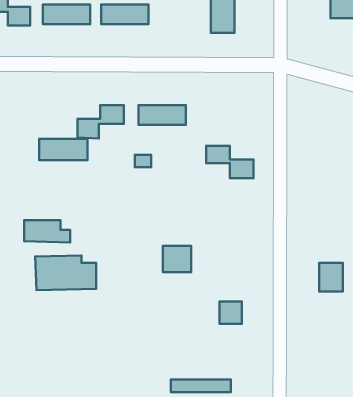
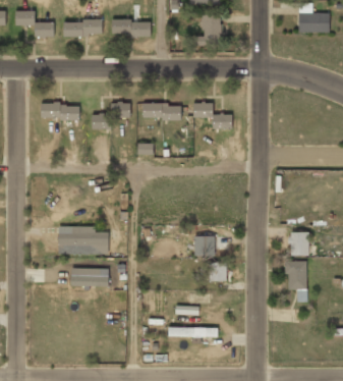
building: [39,139,88,160] -> [40,104,79,121]
building: [206,146,254,178] -> [192,103,231,129]
building: [24,220,70,242] -> [70,268,108,286]
building: [163,246,191,272] -> [192,236,216,258]
building: none -> [286,262,306,303]

